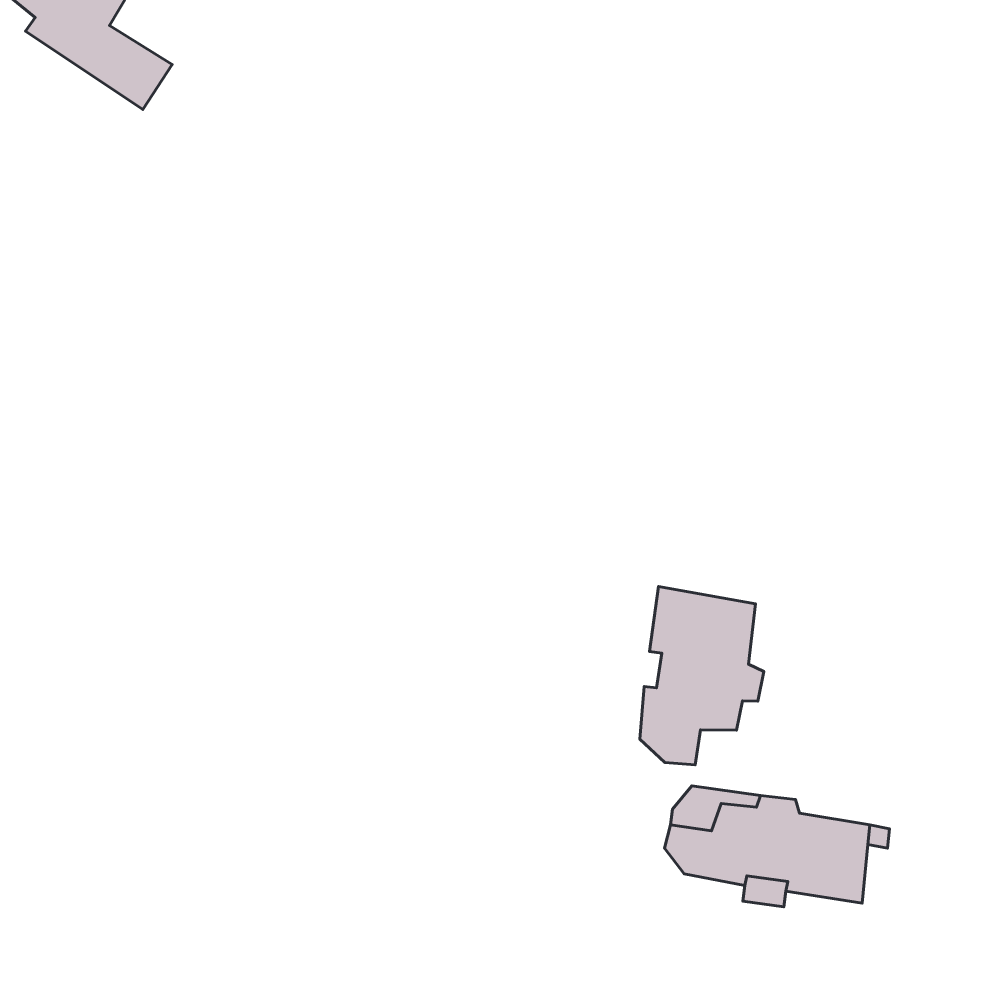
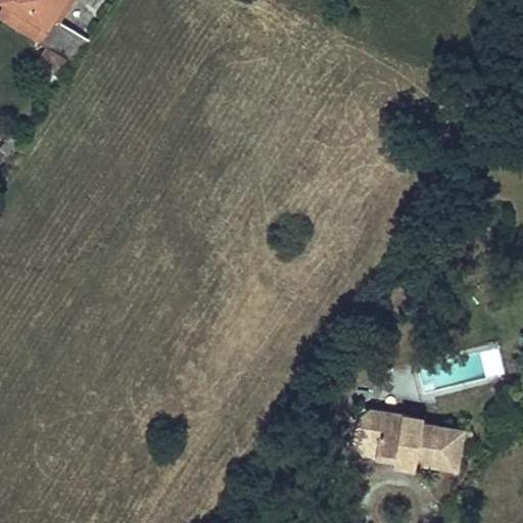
building: [640,586,764,765] -> none

